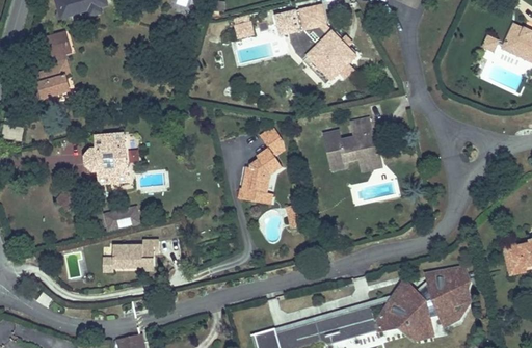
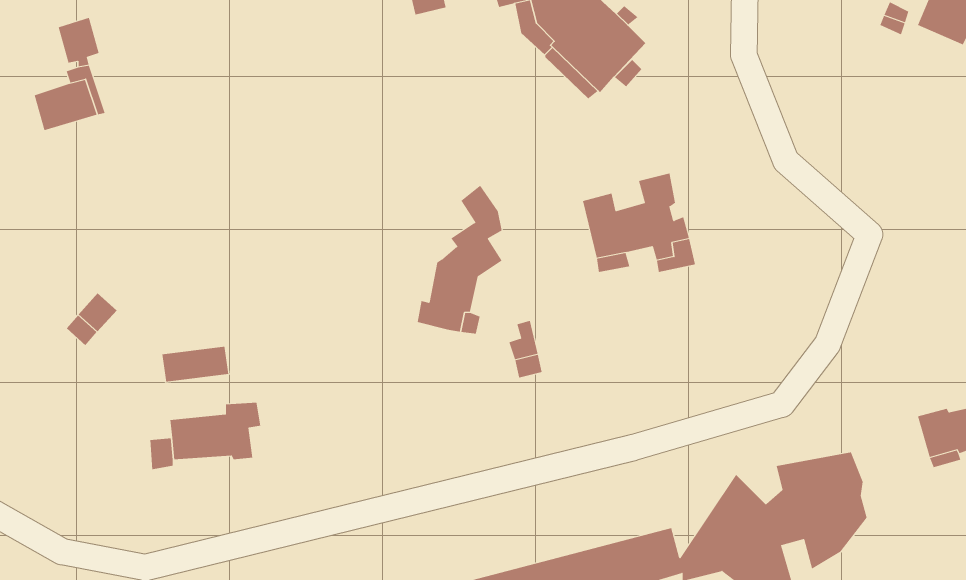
building: [84,133,128,182] -> none

